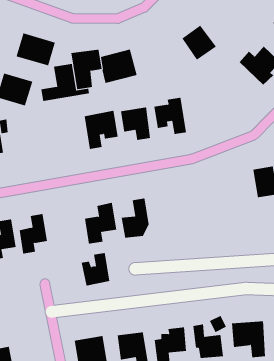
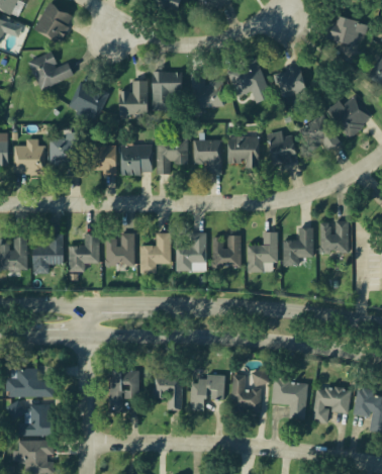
building: none -> [226,63,258,99]
building: [16,33,55,66] -> none
building: none -> [299,115,341,153]
building: none -> [267,131,299,166]
building: none -> [121,147,153,175]
building: none -> [91,147,115,174]
building: none -> [288,223,316,265]
building: none -> [248,228,283,276]
building: none -> [214,240,241,270]
building: [81,253,110,286] -> [107,233,134,265]

